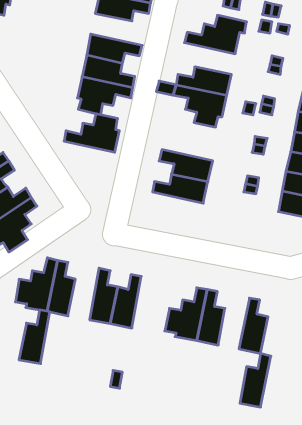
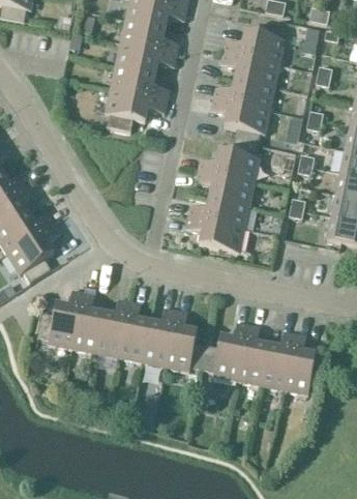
building: none -> [120,21,179,56]
building: none -> [221,53,279,88]
building: [64,114,119,152] -> [199,141,260,183]
building: none -> [186,217,244,254]
building: none -> [166,311,207,372]
building: [19,310,50,364] -> [95,299,129,358]
building: [240,354,271,407] -> [261,331,295,390]

